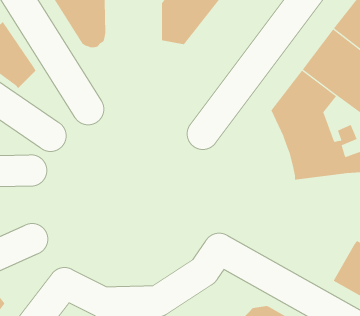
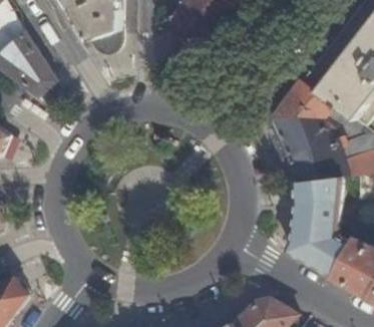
building: none -> [288,176,352,276]

